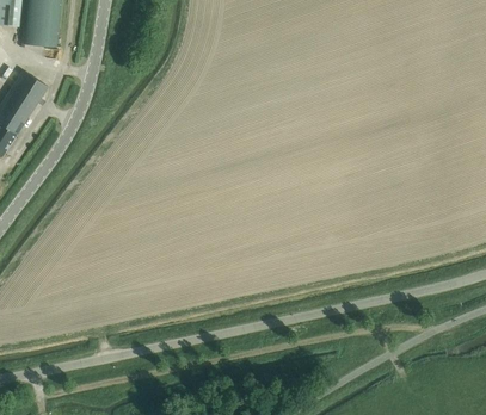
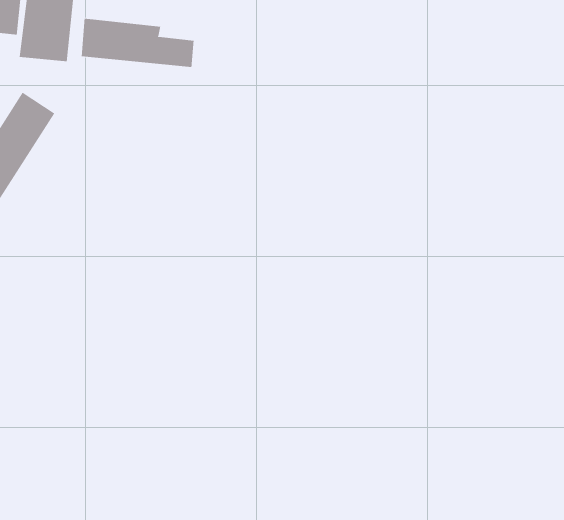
building: none -> [81,18,194,68]

